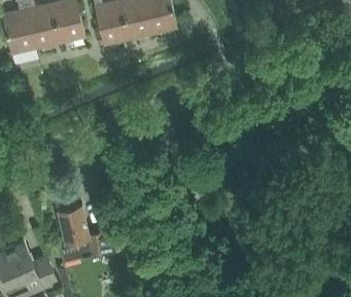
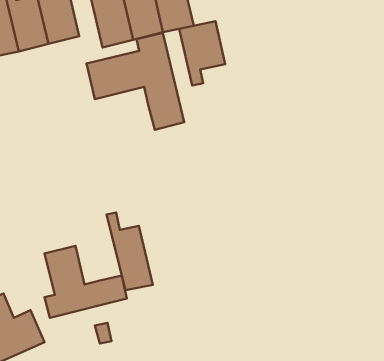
building: none -> [179,21,225,85]
building: none -> [86,33,184,130]
building: none -> [107,213,153,290]

